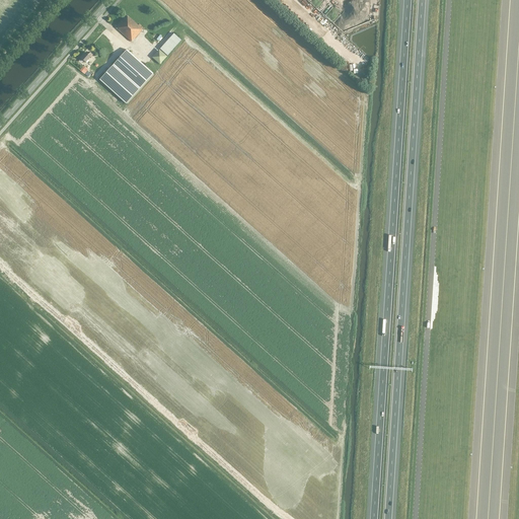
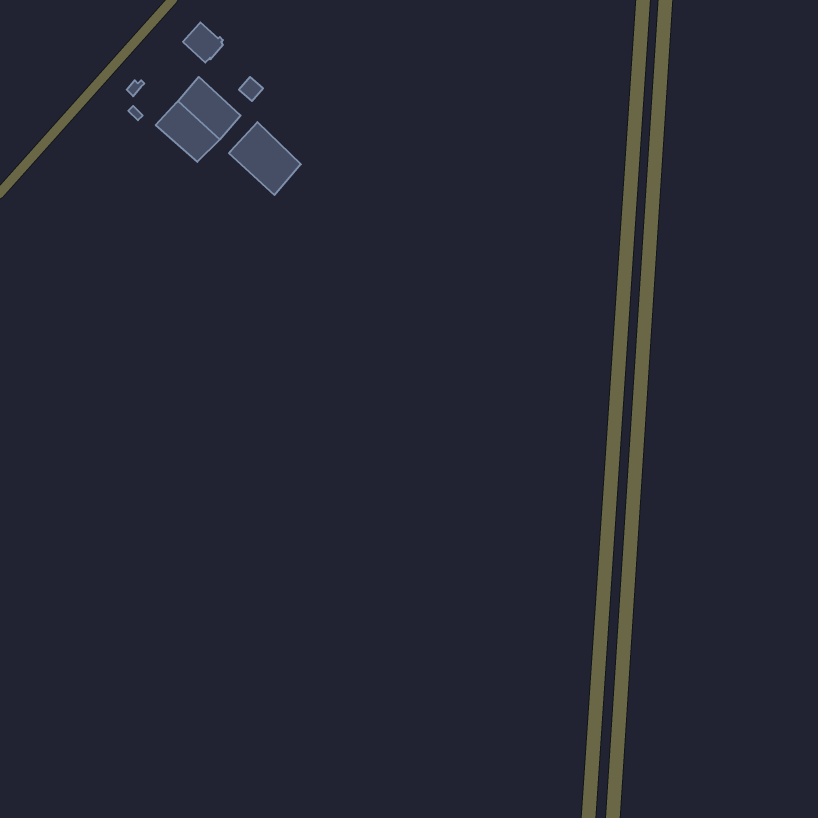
building: none -> [229,122,301,195]

